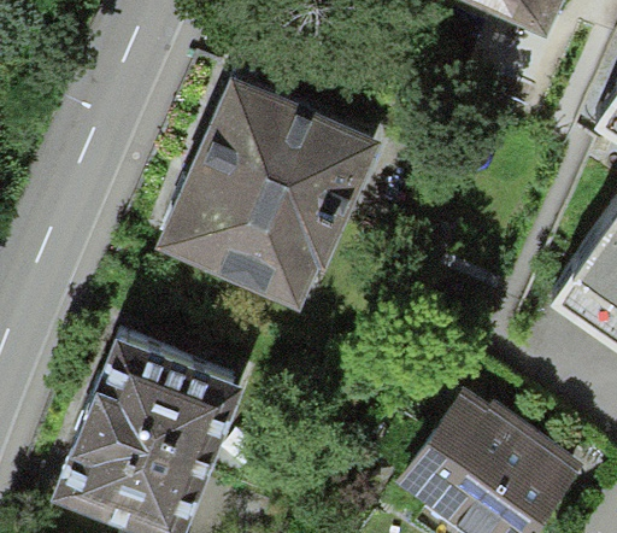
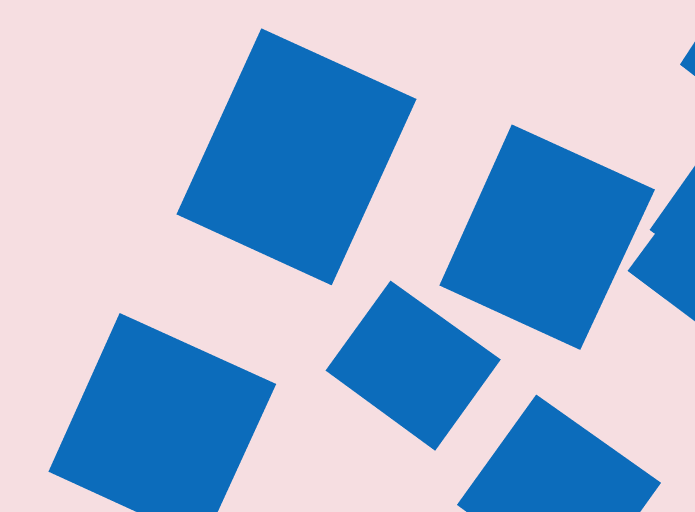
building: none -> [438,123,656,351]
building: none -> [325,280,502,452]

